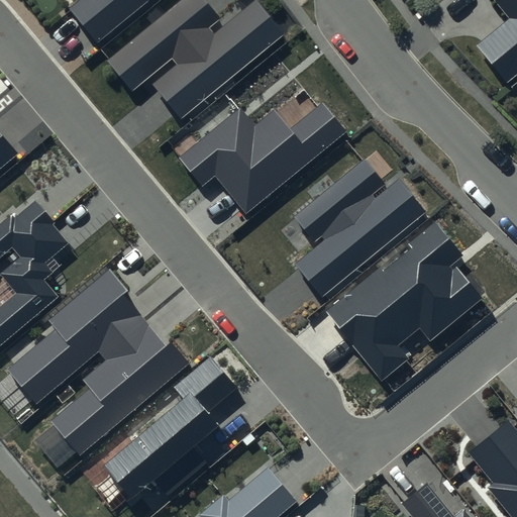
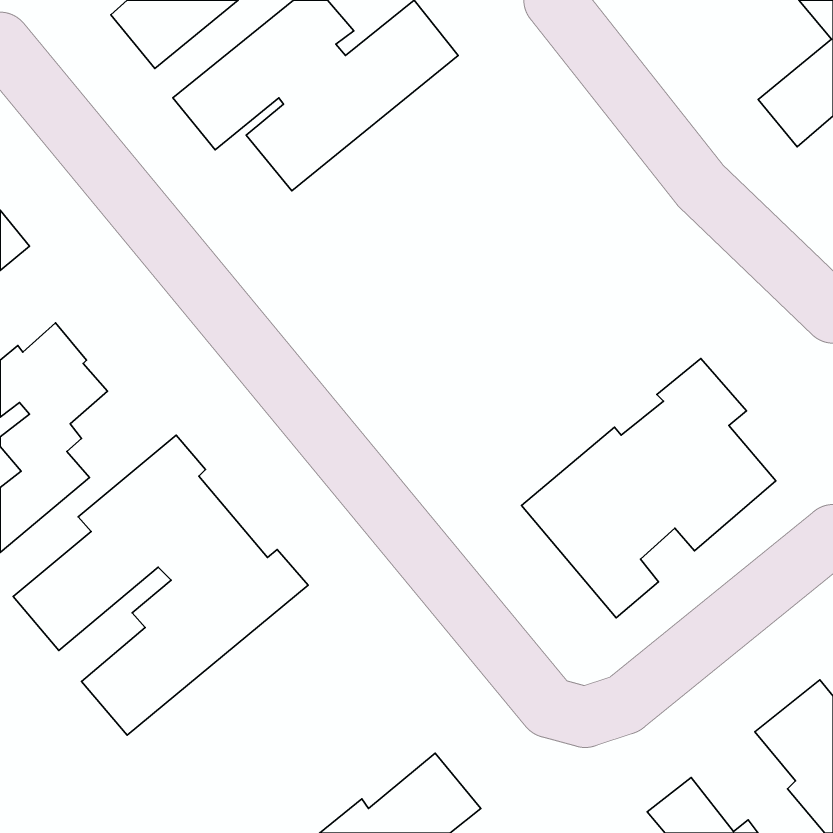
building: [179,103,346,214] -> none
building: [294,159,425,297] -> none
building: [104,356,237,499] -> none

